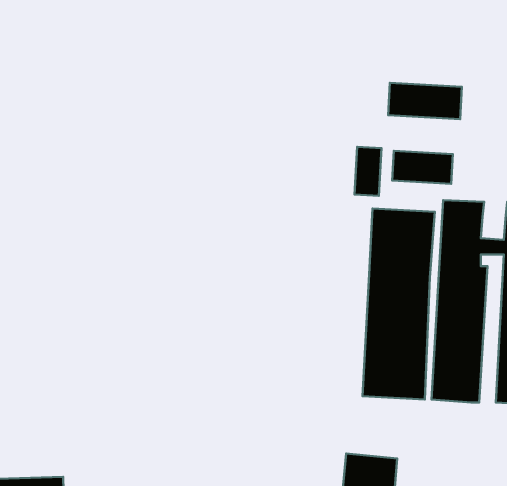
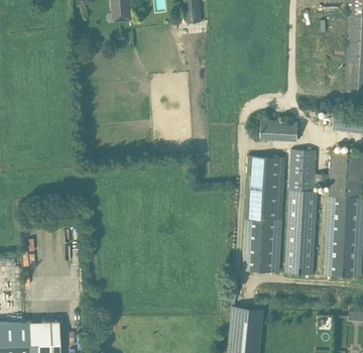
building: [388,83,462,119] -> none
building: [355,147,381,196] -> none

